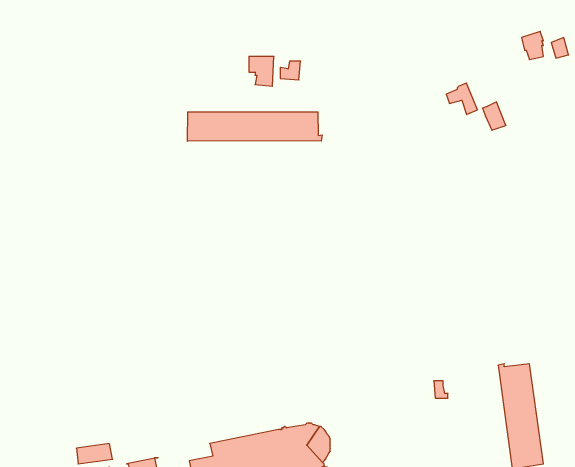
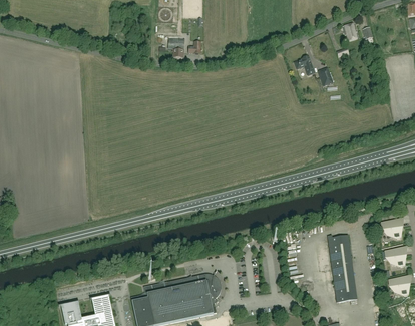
building: [187,112,322,141] -> none

